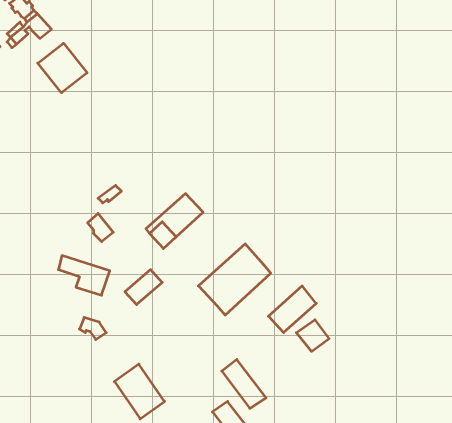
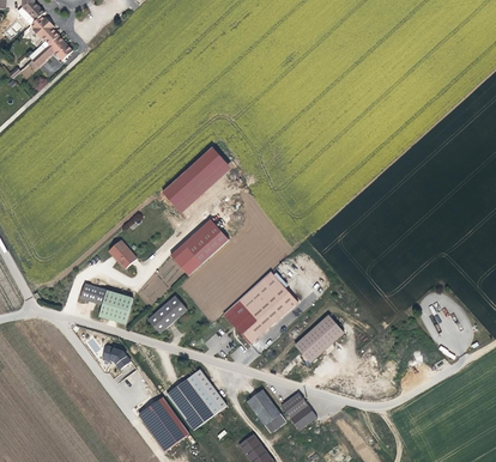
building: [38,43,87,93] -> none
building: none -> [161,145,230,211]
building: [296,320,329,351] -> [280,393,314,425]
building: none -> [167,370,226,431]

